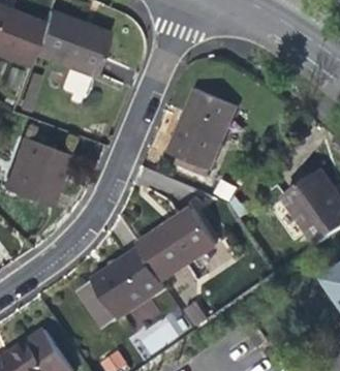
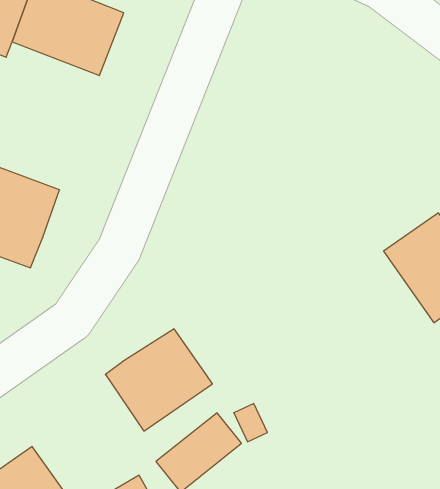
building: [168,87,235,167] -> none
building: [138,208,216,279] -> none
building: [74,279,120,331] -> none

